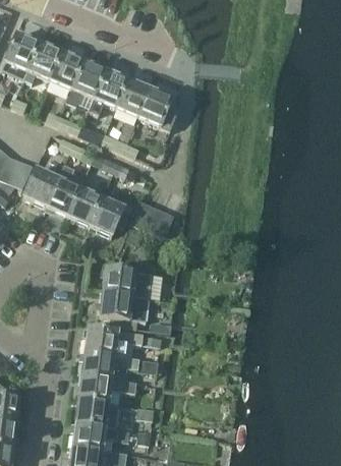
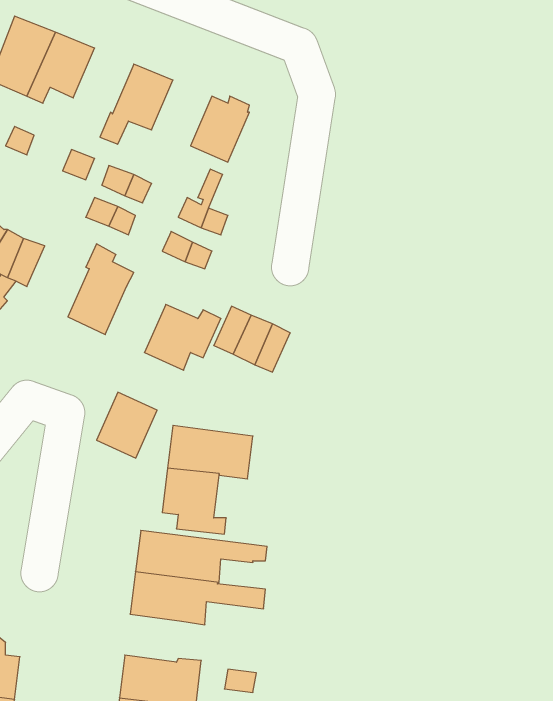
building: [49,52,83,90] -> none
building: [89,70,128,114] -> none
building: [137,89,176,132] -> none
building: [23,168,58,206] -> none
building: [67,188,102,226] -> [97,392,157,458]
building: [78,375,135,403] -> none

